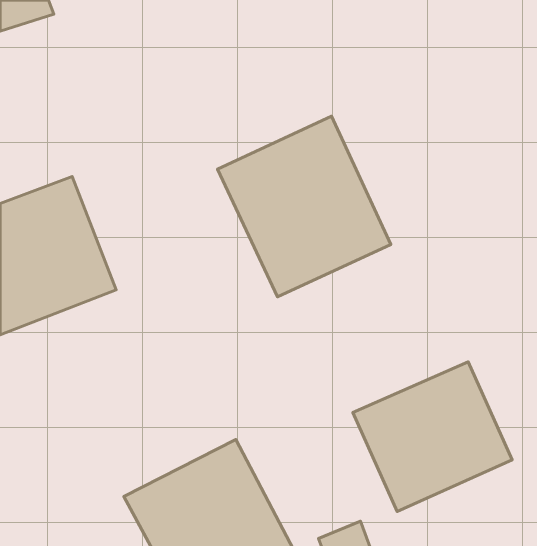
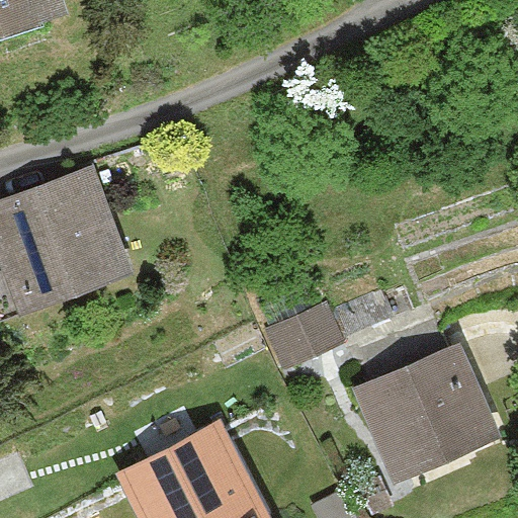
building: [217,116,391,297] -> none
building: none -> [268,303,346,373]

